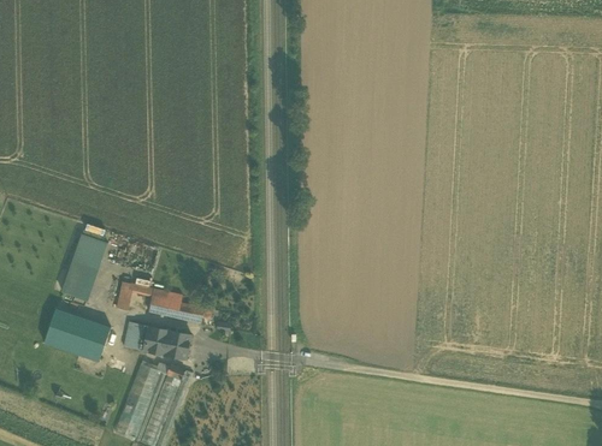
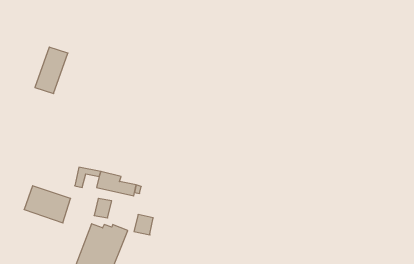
building: [60,233,107,299] -> [35,47,68,94]
building: [122,321,149,350] -> none
building: [163,329,190,358] -> [134,215,153,235]

